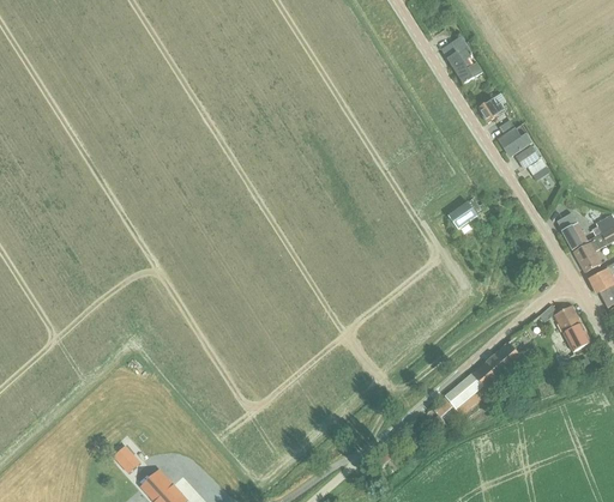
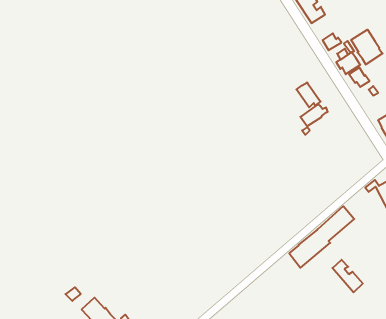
building: none -> [351,30,383,65]
building: none -> [296,82,321,107]
building: none -> [332,260,363,292]

